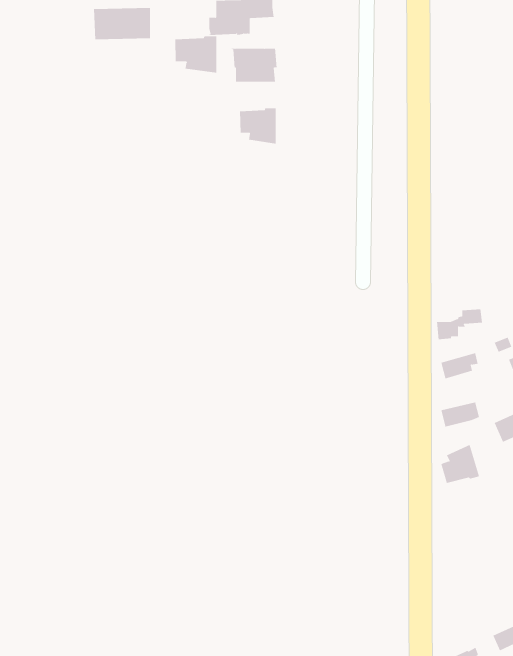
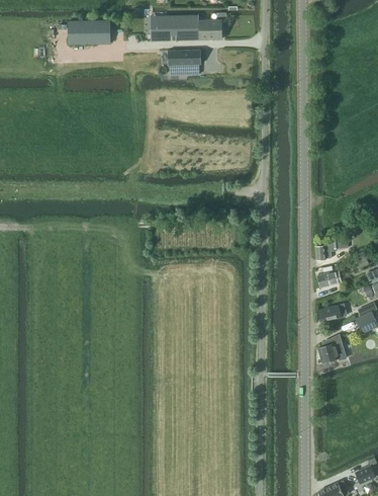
building: none -> [197,19,221,39]
building: [175,35,217,73] -> none
building: [240,107,276,144] -> none

